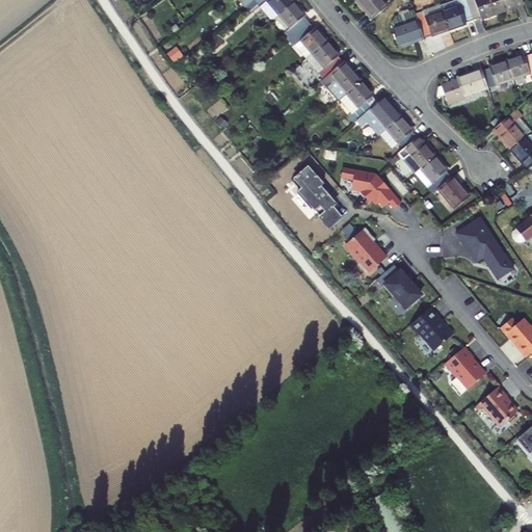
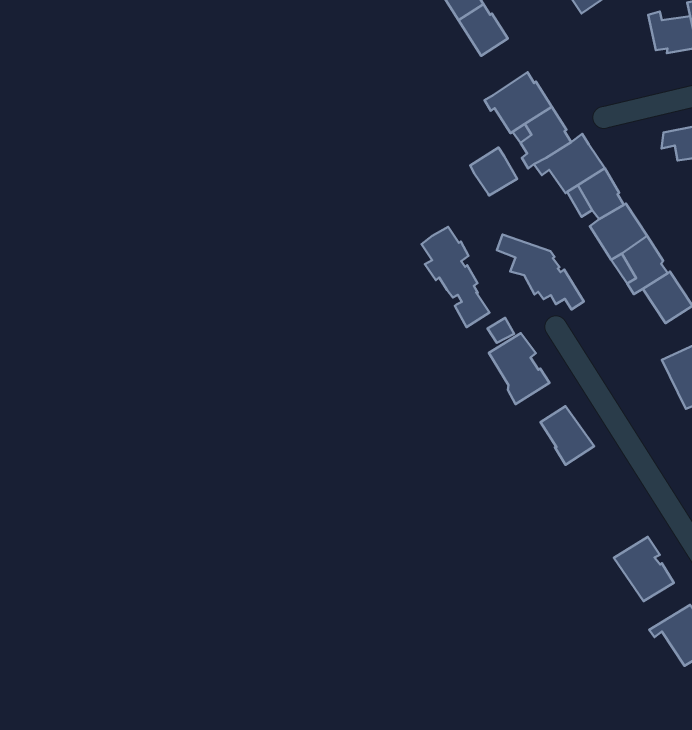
building: [391,9,425,47] -> none
building: [313,42,344,79] -> none
building: none -> [470,147,517,195]
building: [409,308,452,350] -> none

